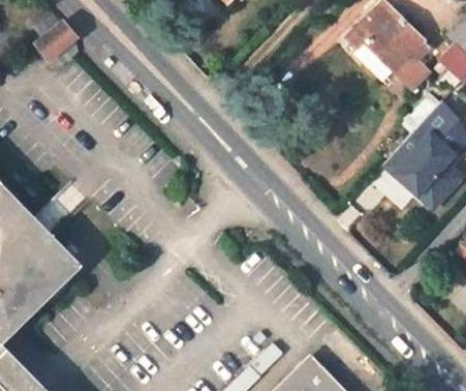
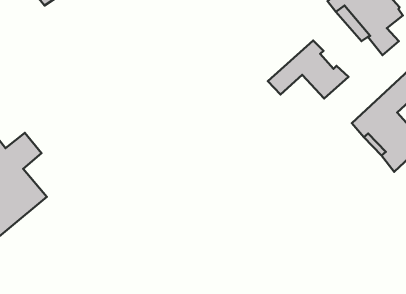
building: none -> [268,40,348,98]

